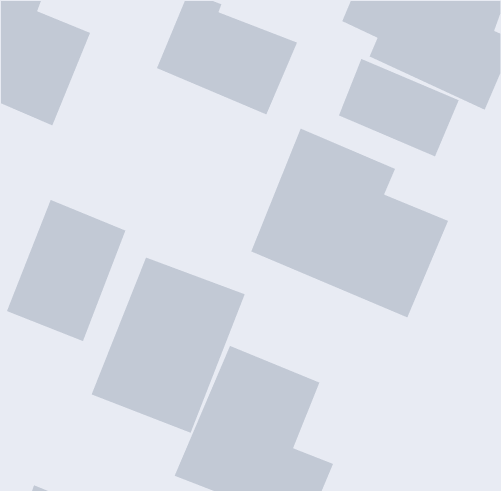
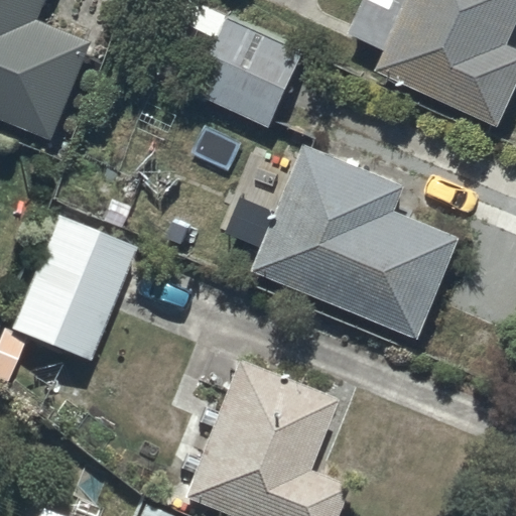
building: [338,58,460,157] -> none
building: [91,256,246,434] -> none

